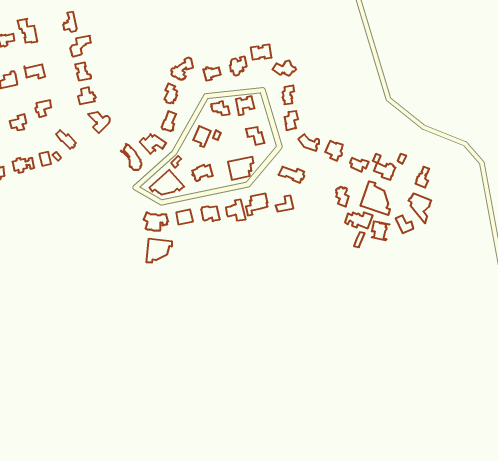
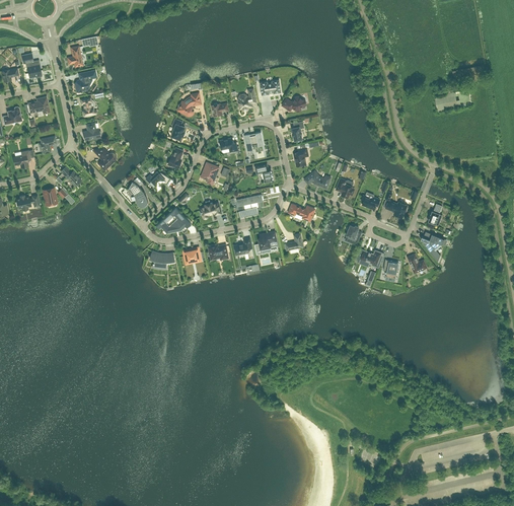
building: [361,181,390,215] -> none
building: [146,239,172,263] -> none

